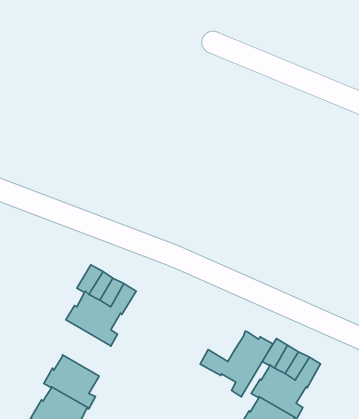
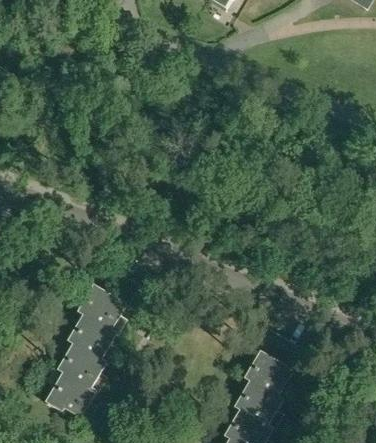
building: none -> [65,316,115,365]
building: [200,331,273,397] -> none

